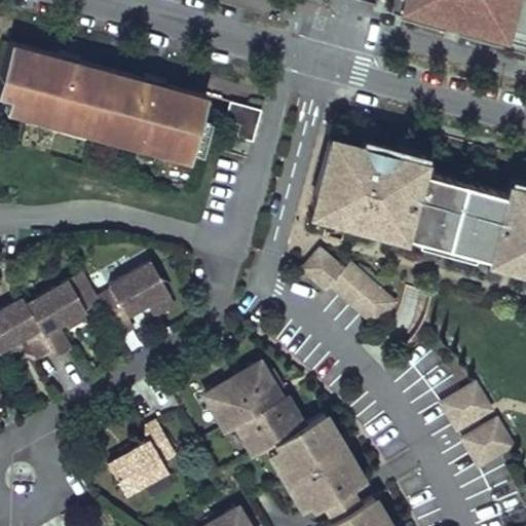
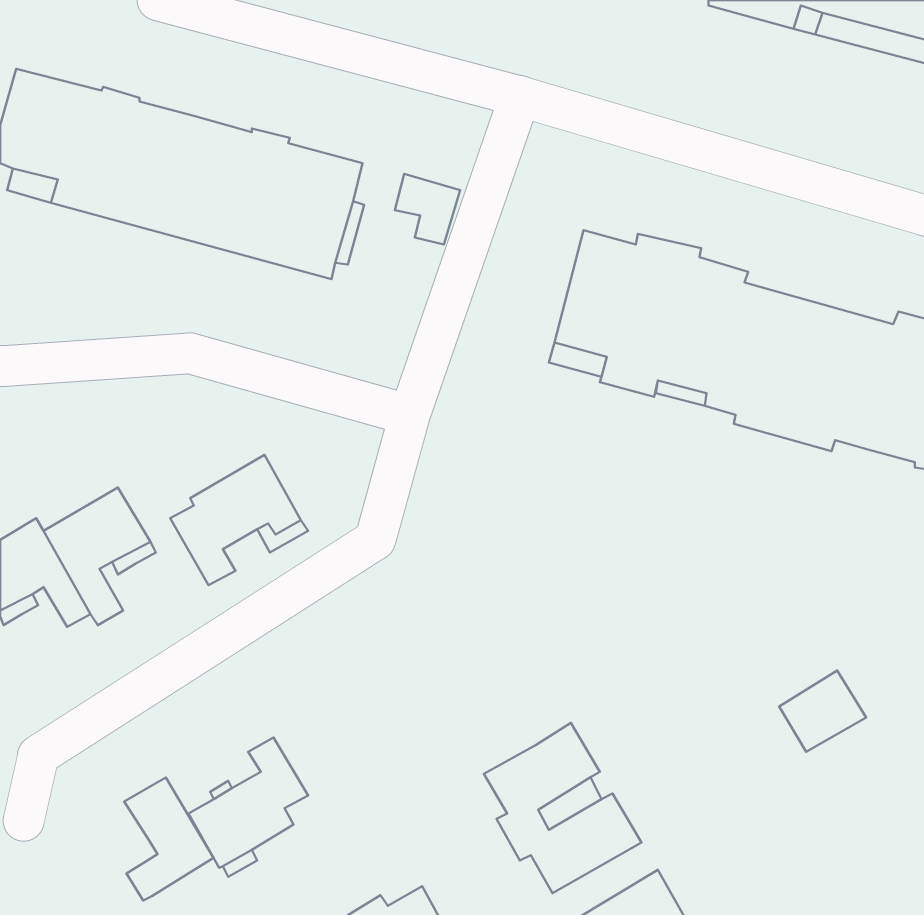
building: [303,248,396,327] -> none
building: [206,366,305,458] -> none
building: [463,423,513,468] -> none
building: none -> [124,778,214,901]

